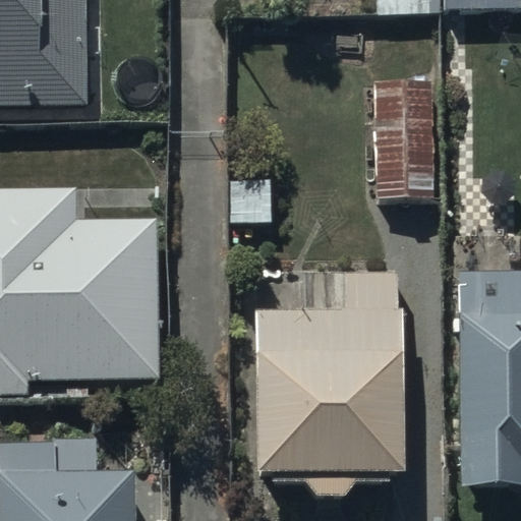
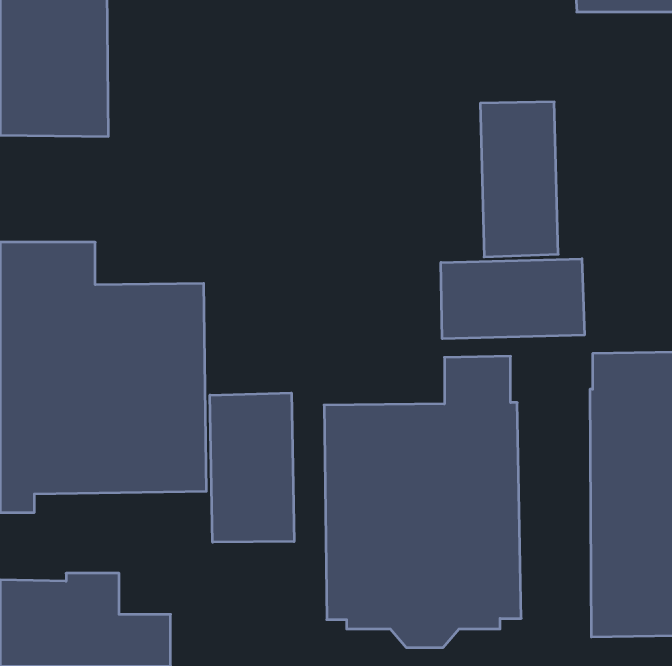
building: none -> [441,259,584,339]
building: none -> [210,393,294,542]

